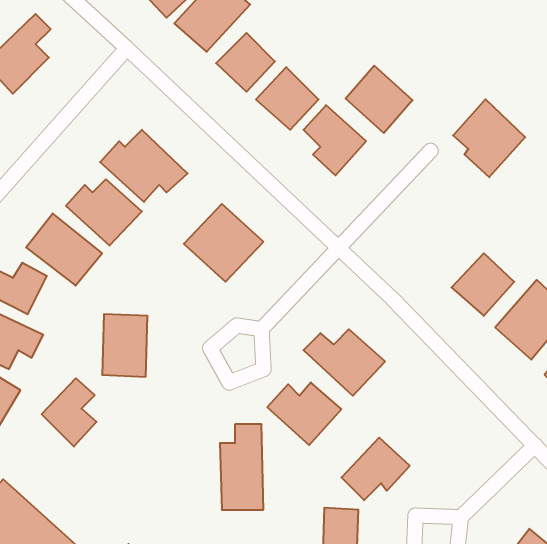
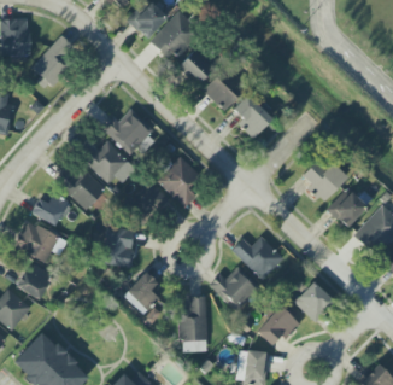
building: [346,66,413,133] -> none
building: [453,99,525,177] -> [301,153,347,203]
building: [42,378,97,447] -> [124,272,159,315]
building: none -> [294,281,333,320]

